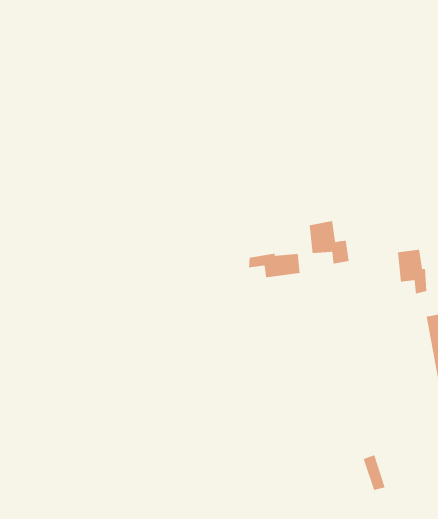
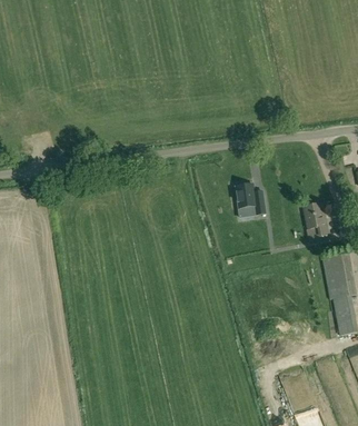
building: [249,253,300,278] -> none

